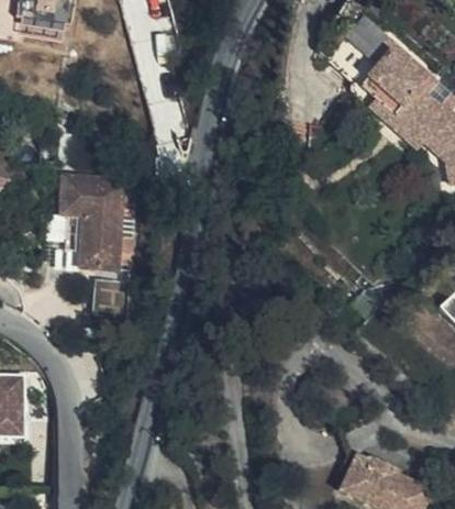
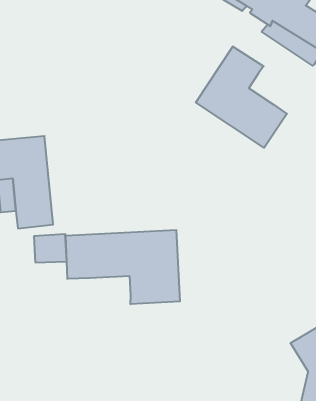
building: none -> [196,46,287,148]
building: none -> [66,230,180,304]

